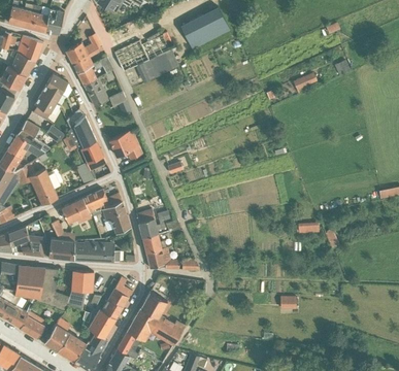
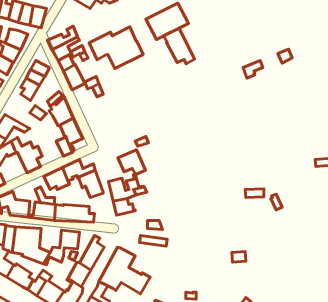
building: none -> [164,28,195,64]
building: [16,121,51,153] -> none
building: [110,131,142,160] -> [118,150,145,175]
building: [146,248,179,269] -> none

